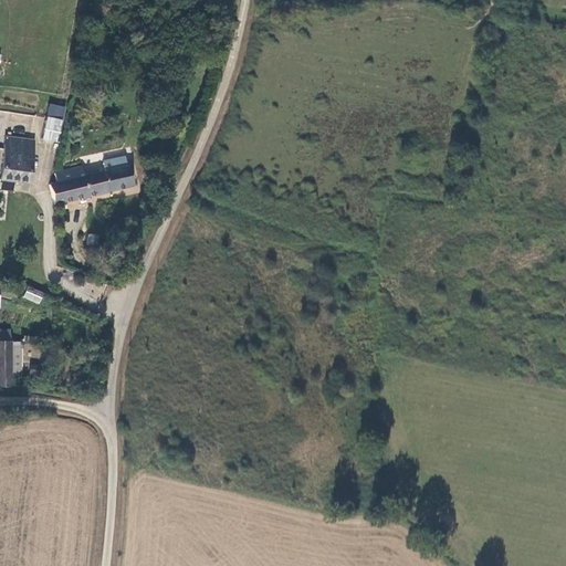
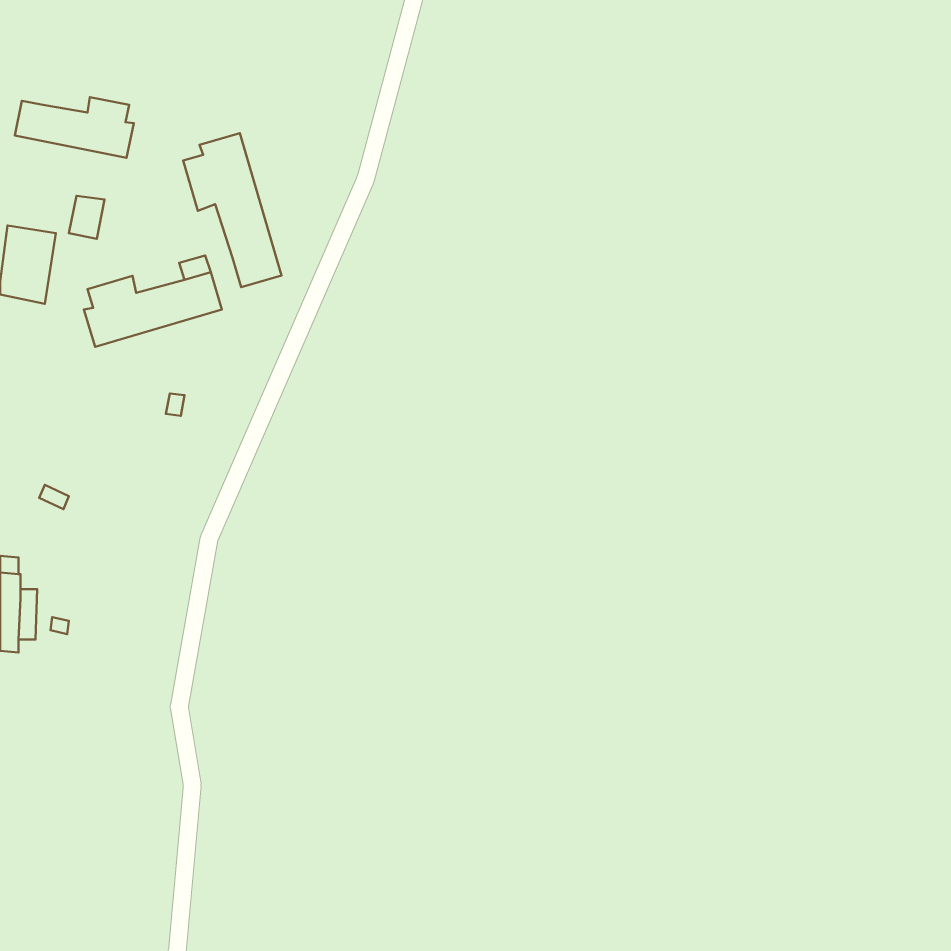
building: none -> [15,97,134,158]
building: none -> [183,133,282,287]

